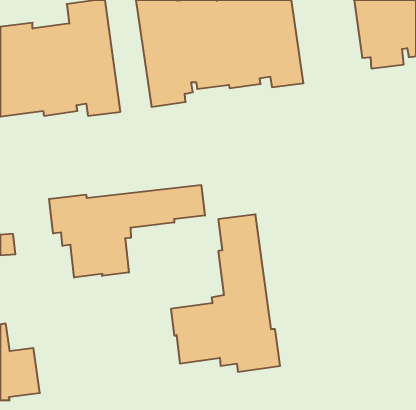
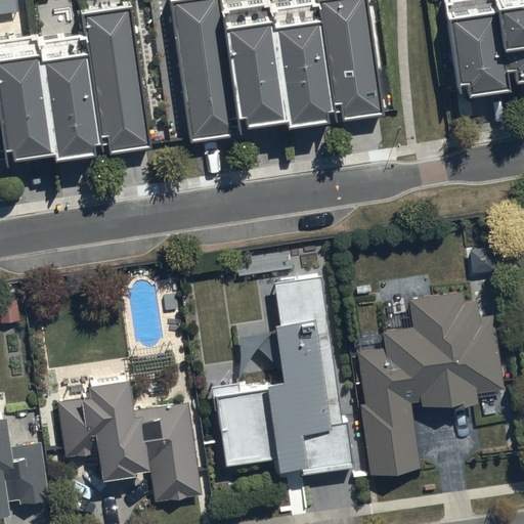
building: [49,185,205,278] -> none
building: none -> [357,294,503,477]
building: none -> [56,378,200,503]

